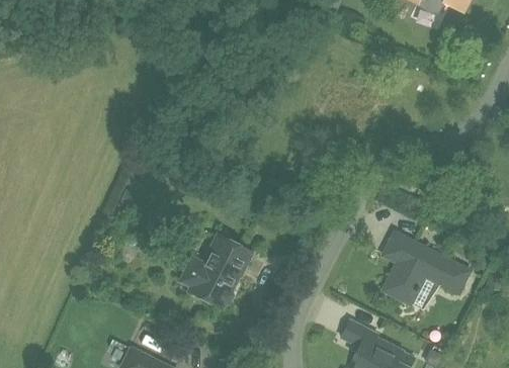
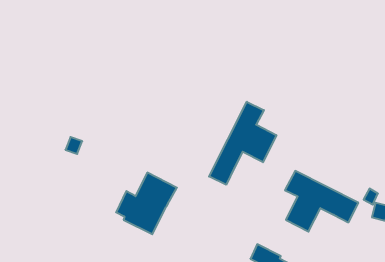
building: none -> [209,102,276,185]

